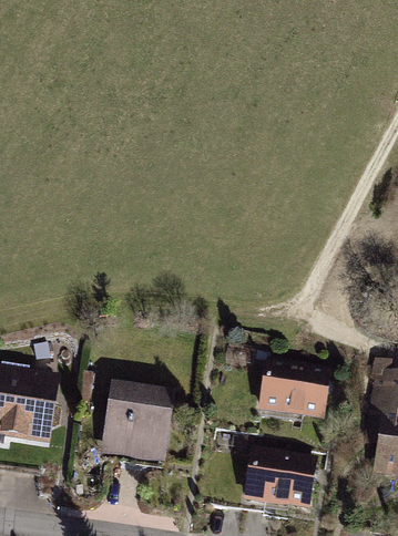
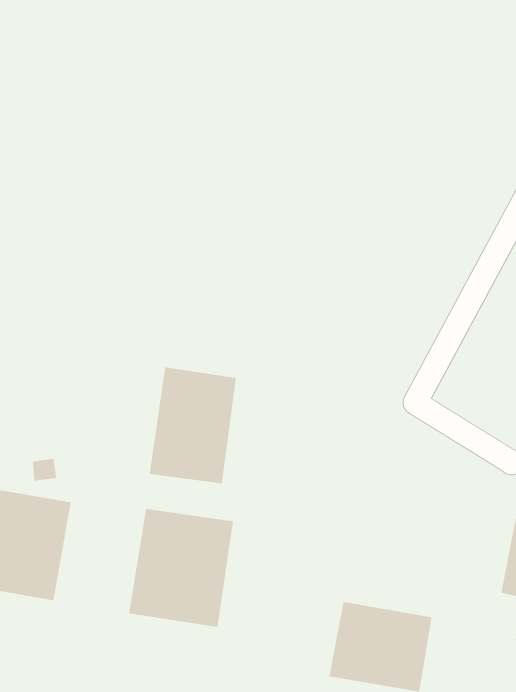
building: none -> [149,367,237,484]
building: [258,358,330,420] -> none

